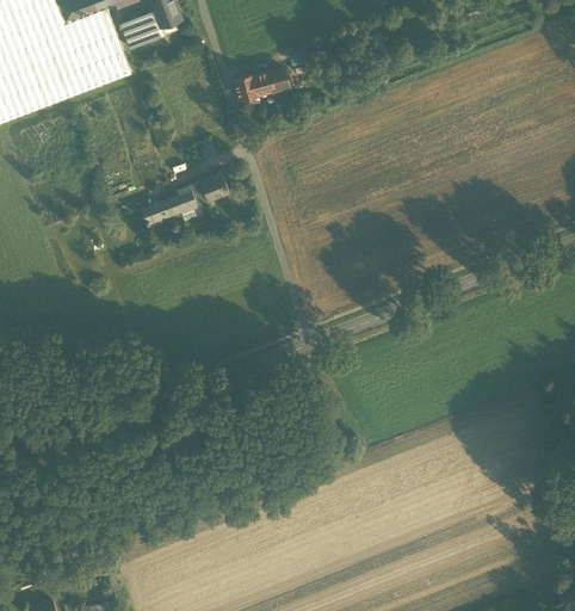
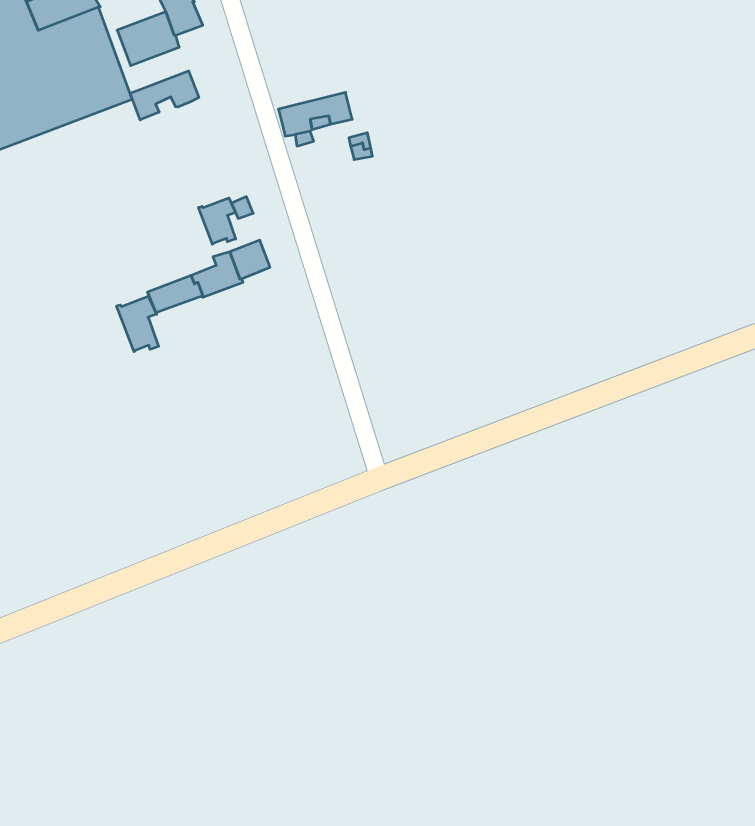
building: none -> [130,71,199,120]
building: none -> [199,198,236,244]
building: none -> [117,296,159,352]

